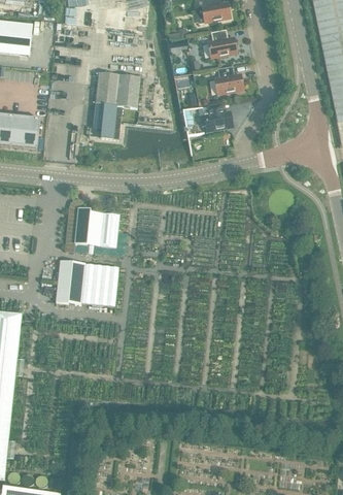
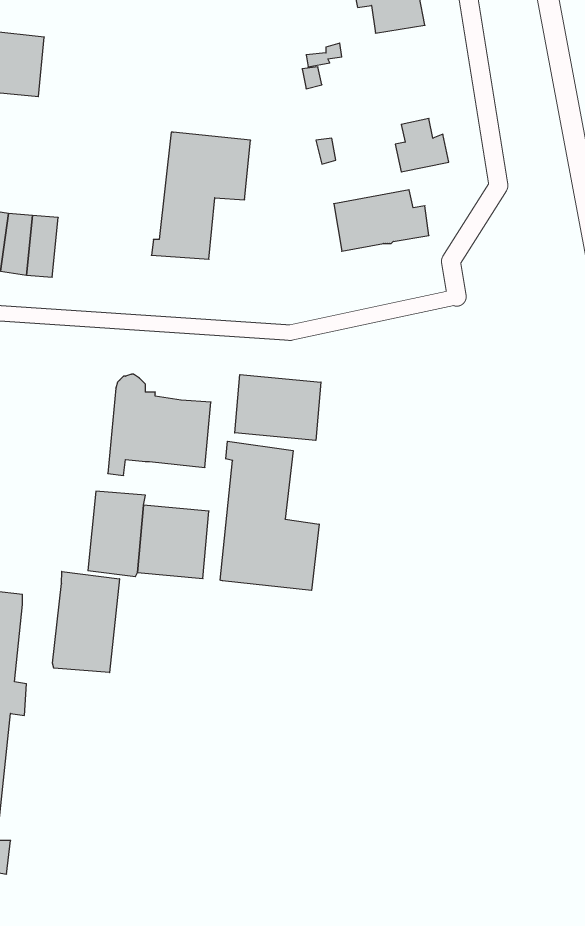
building: [208,30,236,58] -> none
building: none -> [235,375,321,440]
building: none -> [220,441,319,590]
building: none -> [52,571,119,673]

